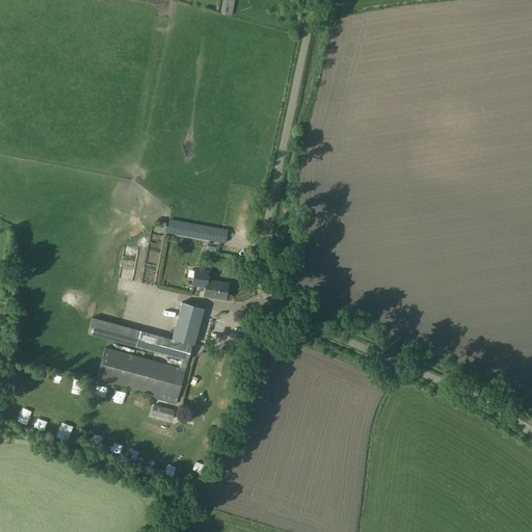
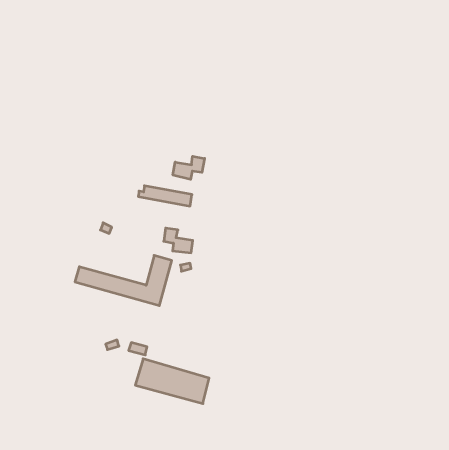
building: none -> [173,156,205,179]
building: [98,348,185,401] -> [135,359,209,404]

